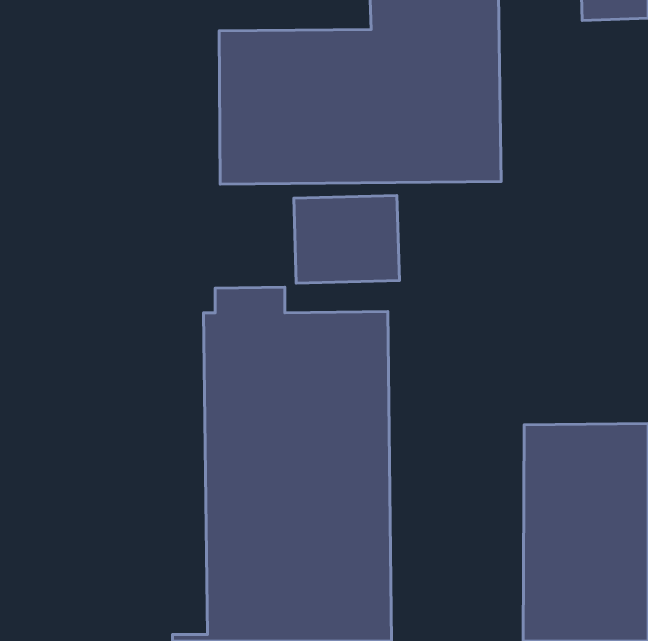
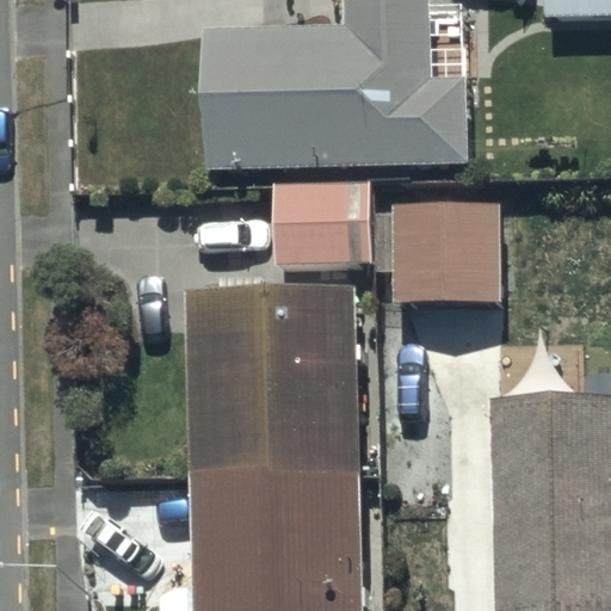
building: none -> [382,181,500,303]

